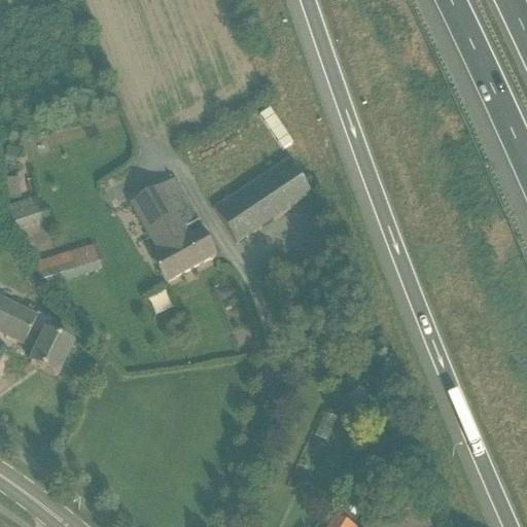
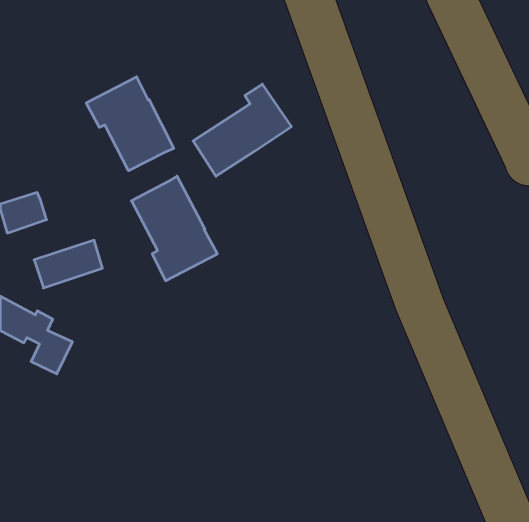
building: none -> [86,77,174,171]
building: [213,148,311,240] -> [193,84,291,176]

